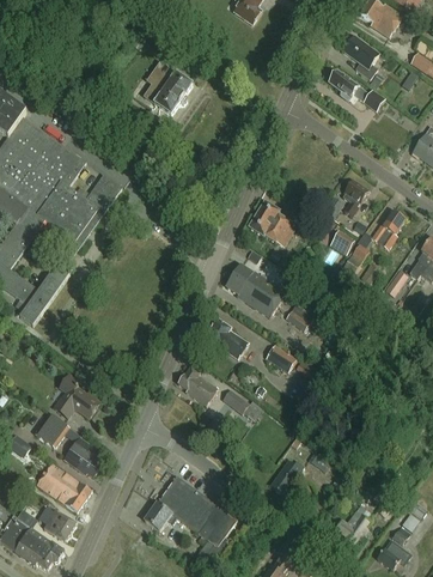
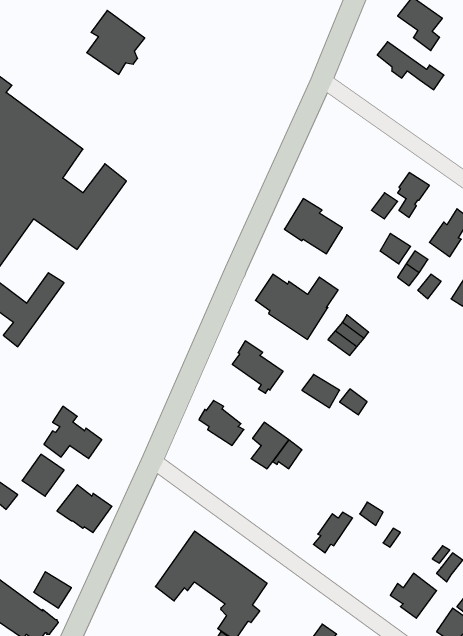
building: [144,61,191,114] -> [87,10,145,74]
building: [38,463,91,512] -> none

